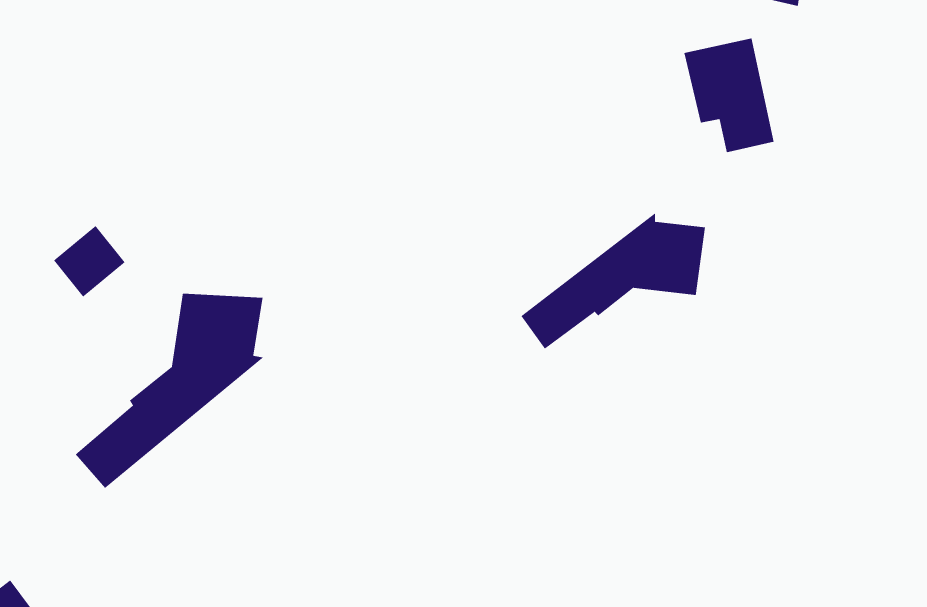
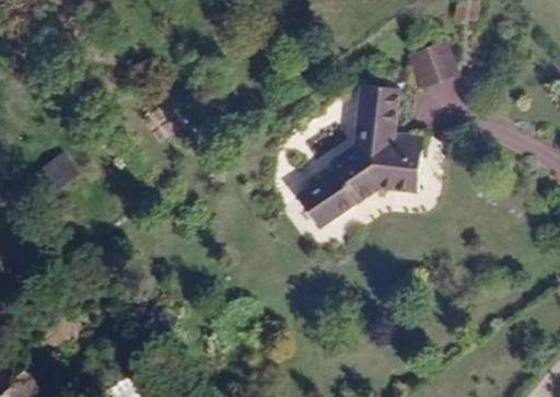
building: none -> [302,85,396,205]
building: [75,293,264,489] -> none

